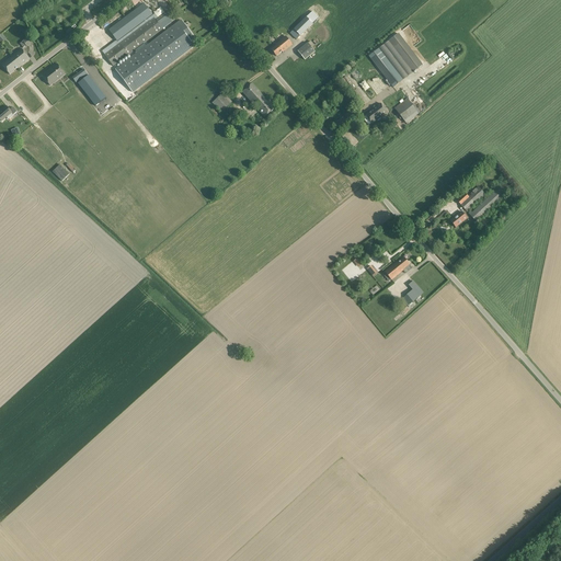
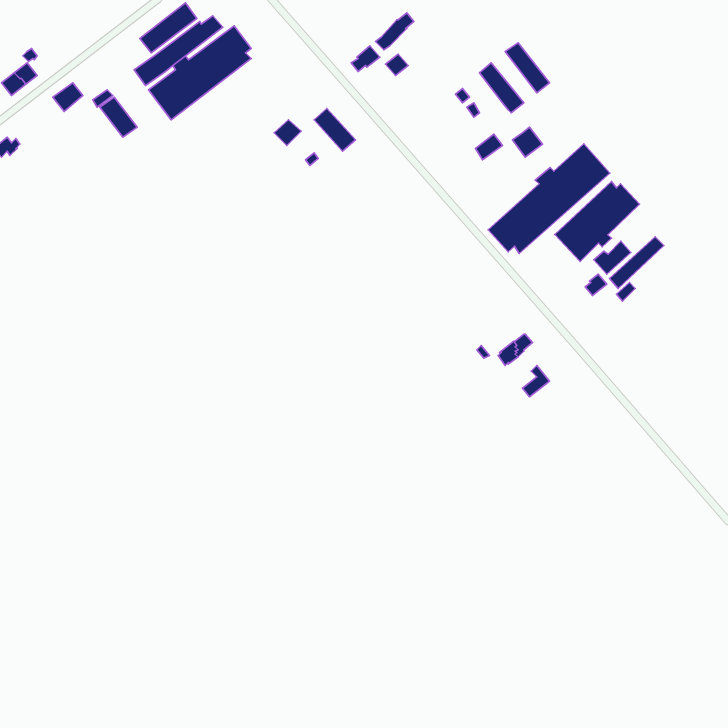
building: none -> [488,144,610,253]
building: none -> [555,181,640,261]

